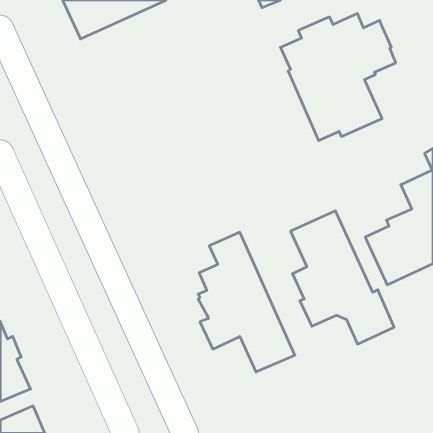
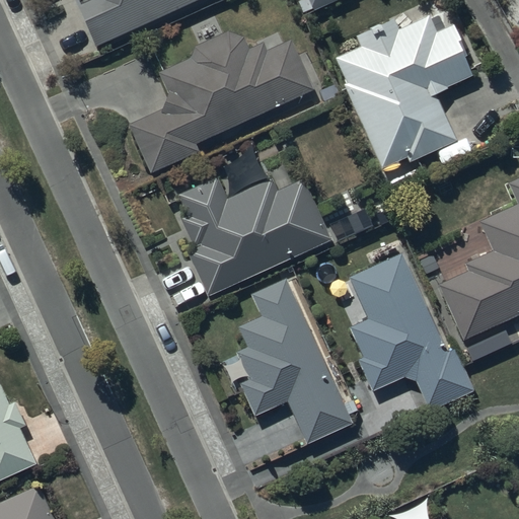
building: none -> [130,33,313,173]
building: none -> [177,177,330,296]

